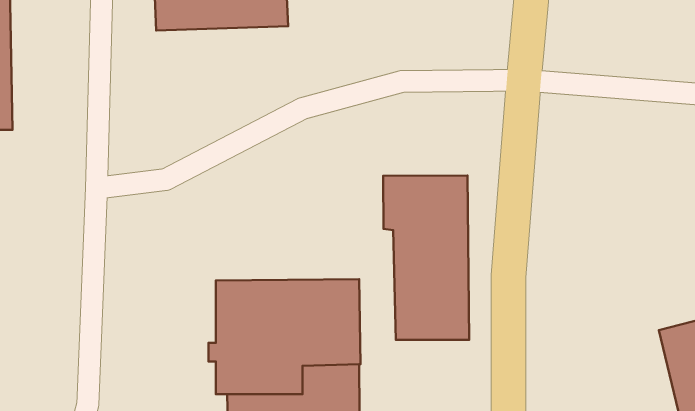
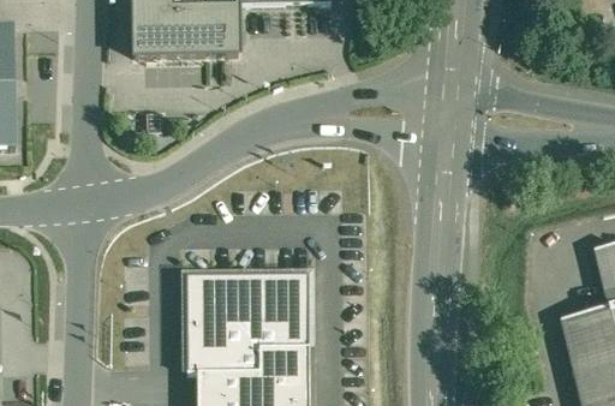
building: [383,176,469,340] -> none

